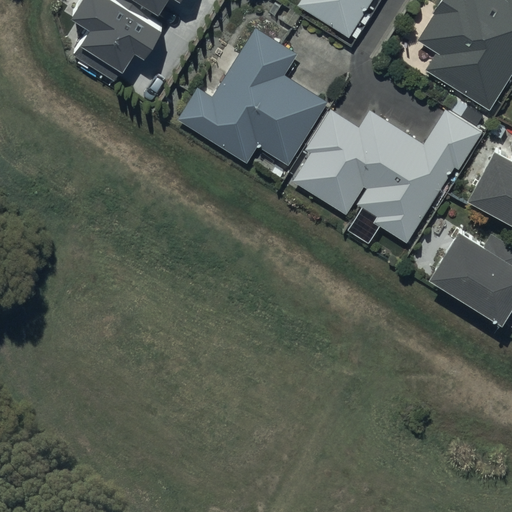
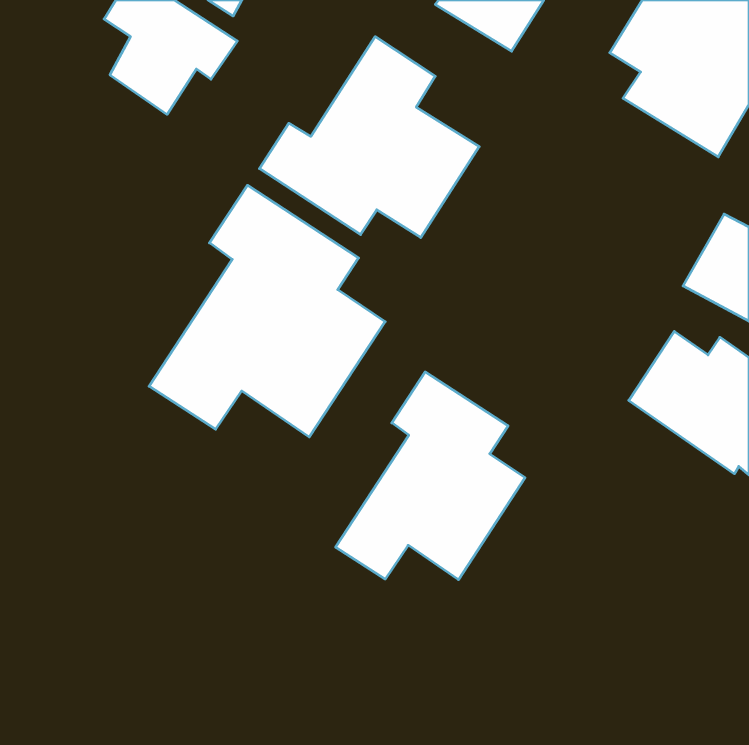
building: [293,109,482,242] -> none
building: none -> [149,185,385,437]
building: none -> [336,372,525,580]

